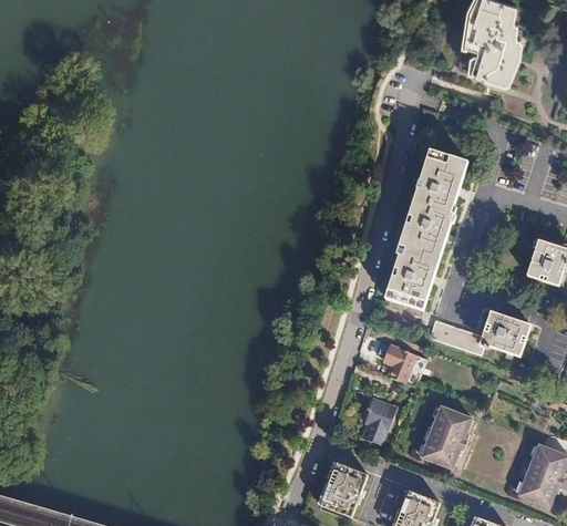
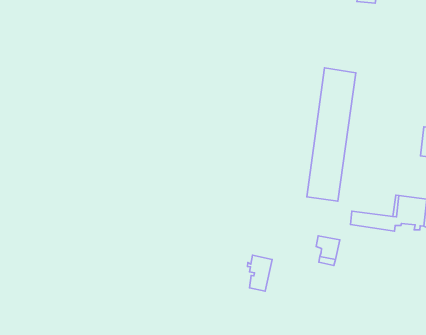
building: [362,396,394,441] -> [248,255,272,291]
building: [419,408,470,468] -> none

